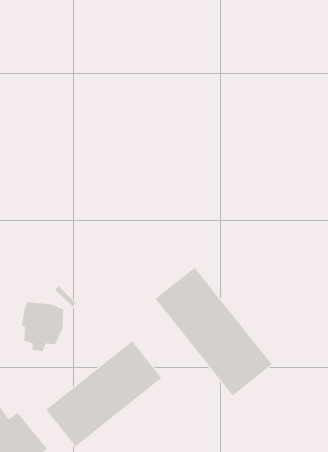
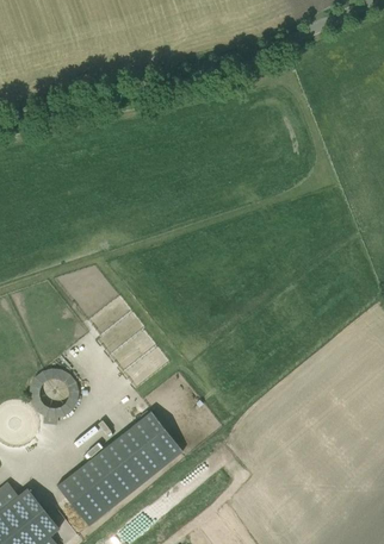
building: [155,267,273,396] -> none

